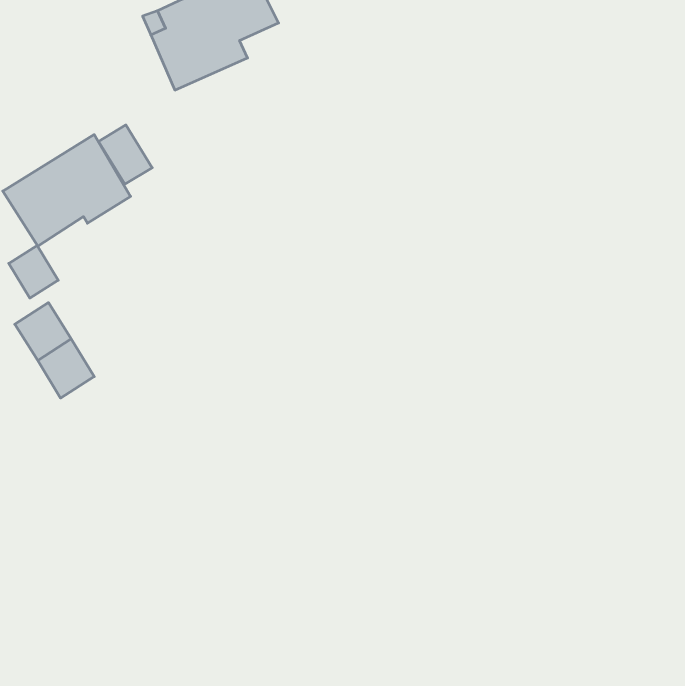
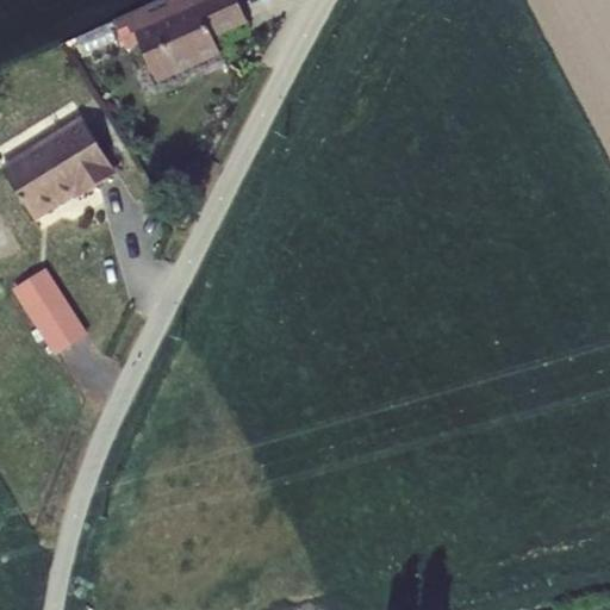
building: [98,125,152,184] -> none
building: [9,246,58,298] -> none

